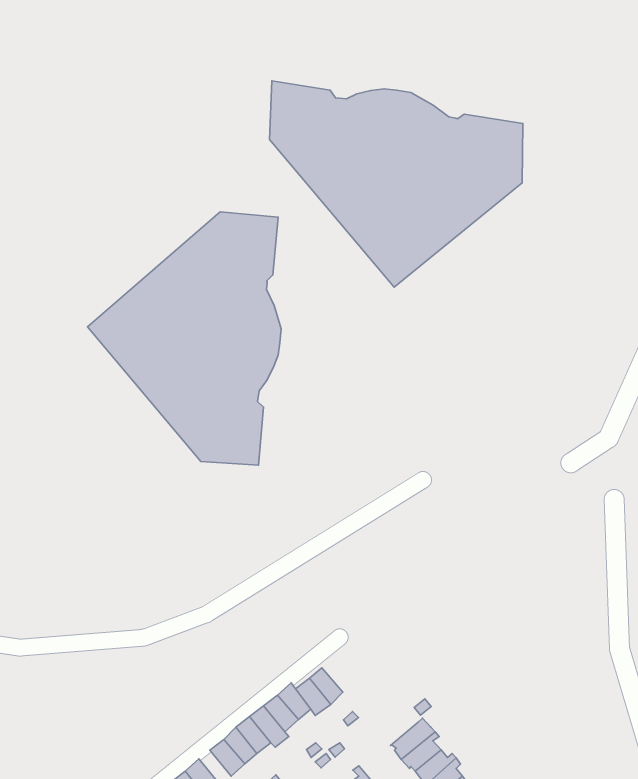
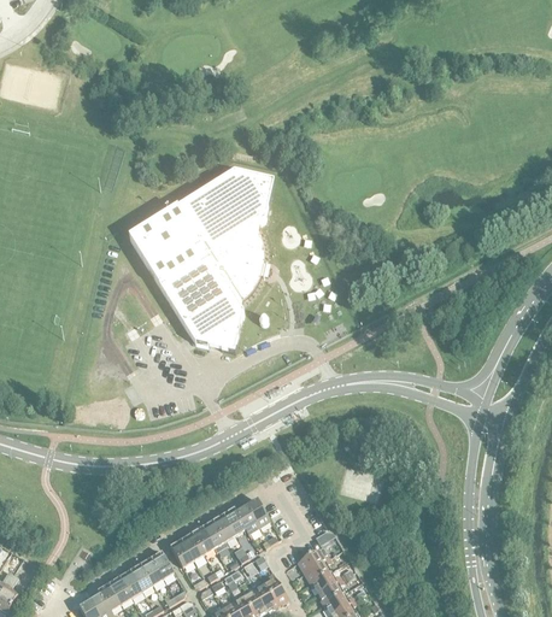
building: [270,81,523,287] -> none

